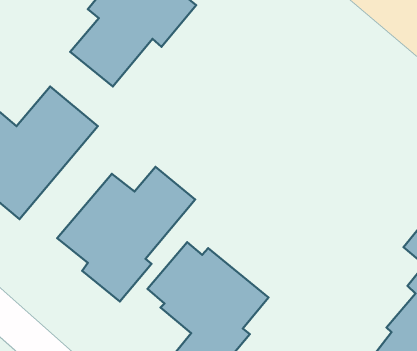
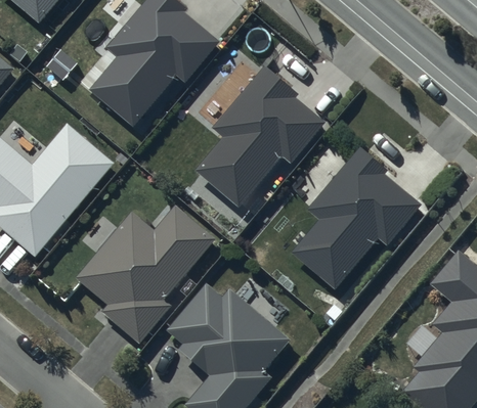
building: none -> [194,62,323,205]
building: none -> [289,144,420,287]

